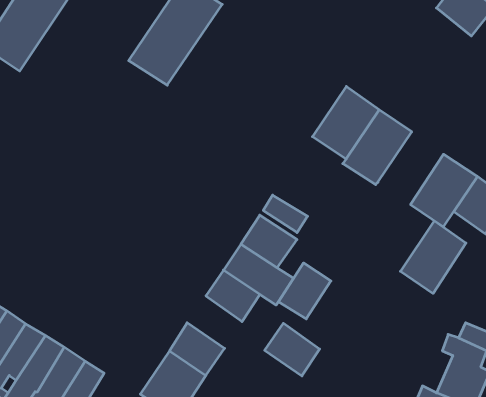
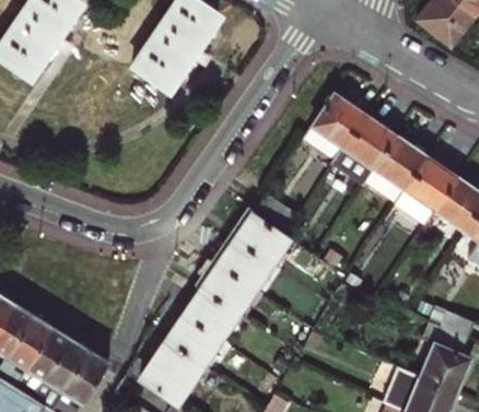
building: [400,221,466,293] -> [364,136,425,203]
building: [278,263,331,319] -> none
building: [265,323,320,376] -> [186,289,237,338]

